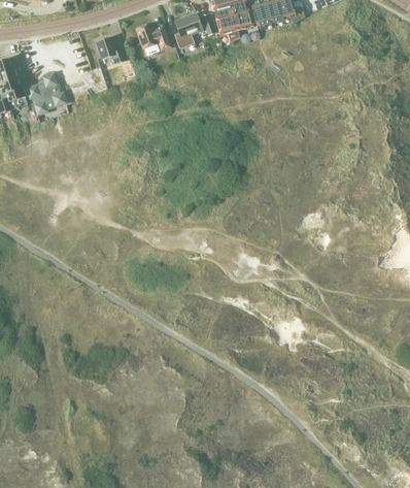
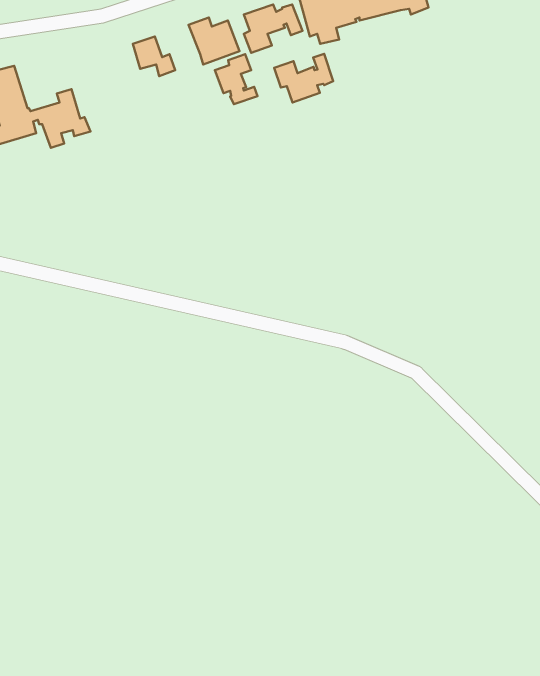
building: none -> [274,54,333,103]
building: none -> [215,54,258,104]

